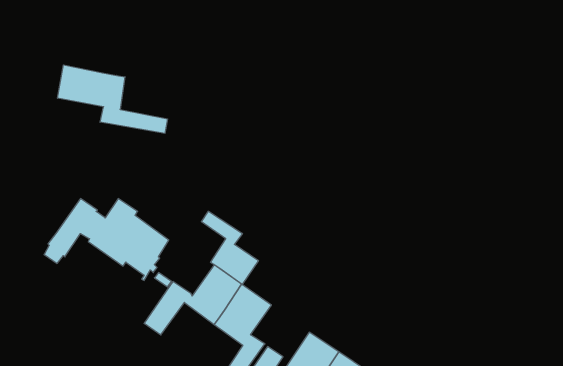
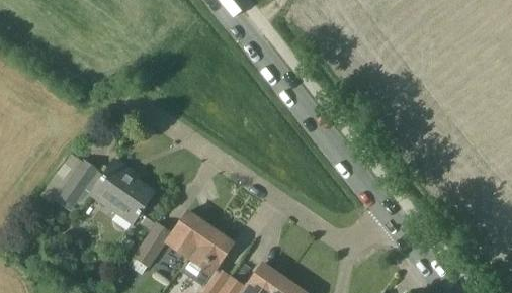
building: [58,65,167,133] -> none
building: [201,211,258,284] -> none

